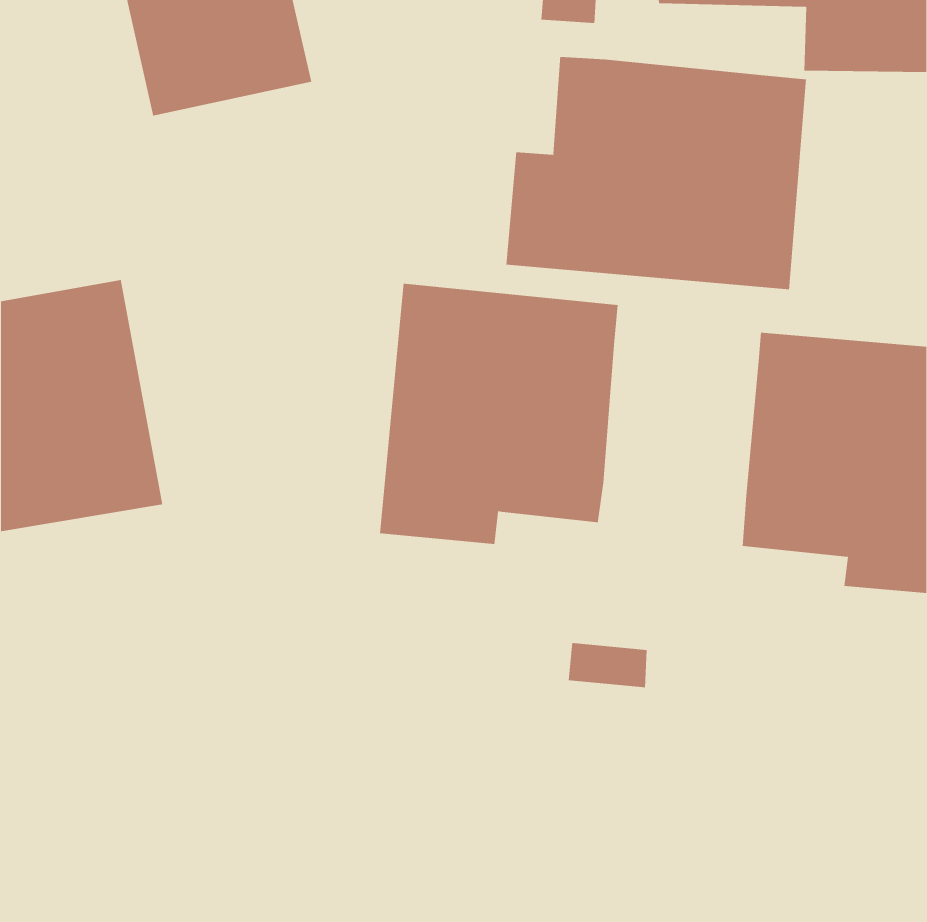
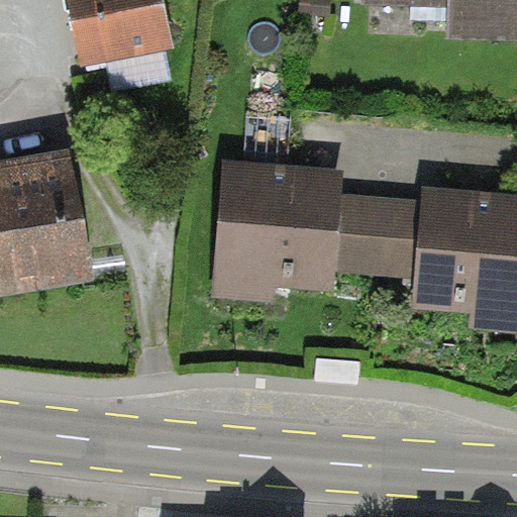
building: [506,56,807,290] -> none
building: none -> [336,192,422,276]

